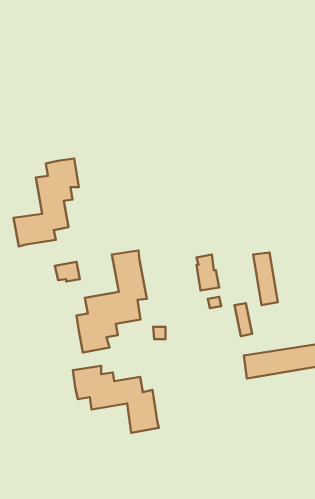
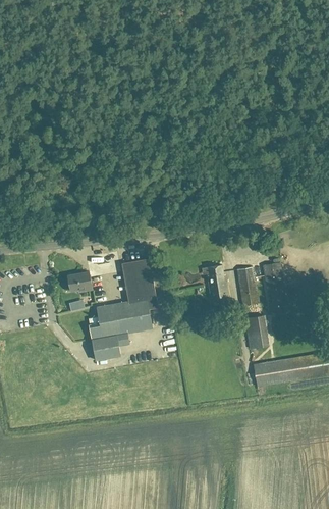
building: [13,158,79,246] -> none
building: none -> [235,266,258,305]
building: [73,366,159,433] -> none

